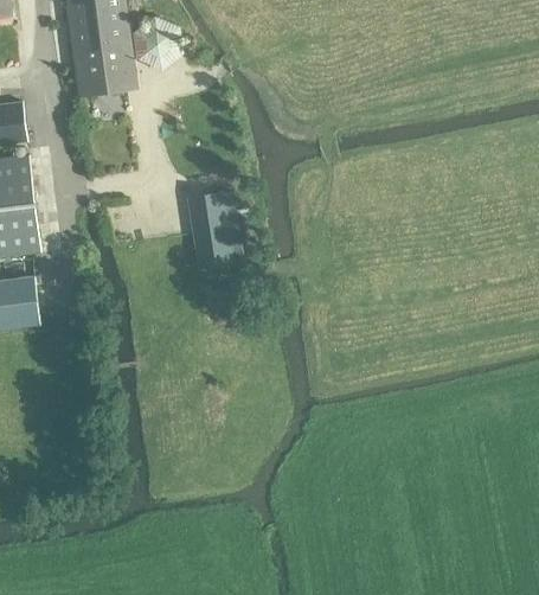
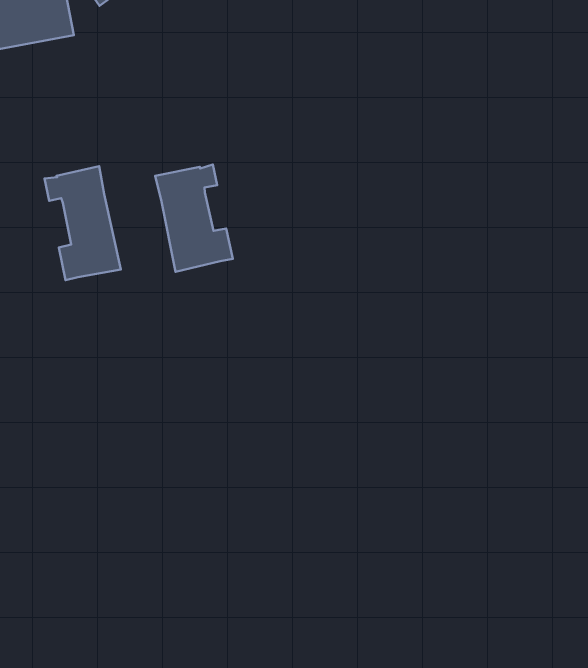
building: none -> [44,166,121,280]

